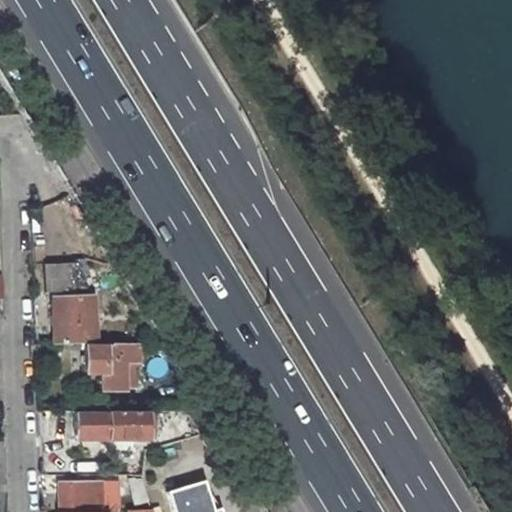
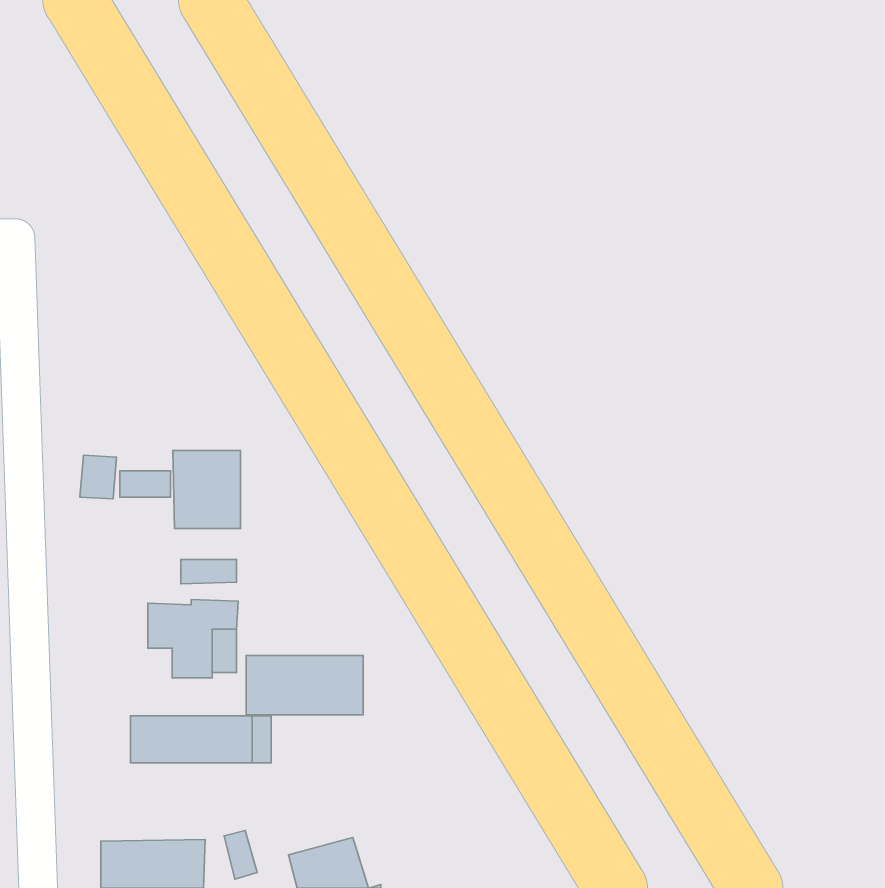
building: [56,298,95,343] -> [173,450,241,529]
building: none -> [246,656,363,715]

